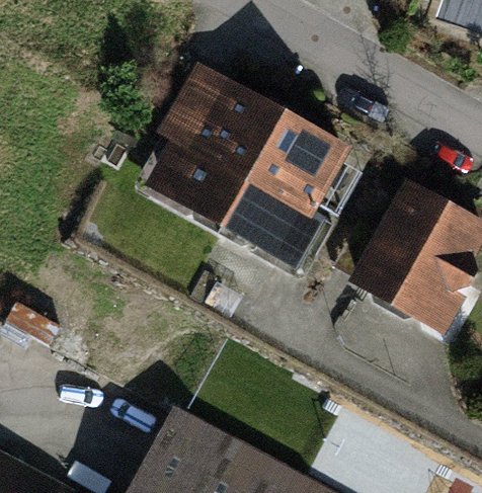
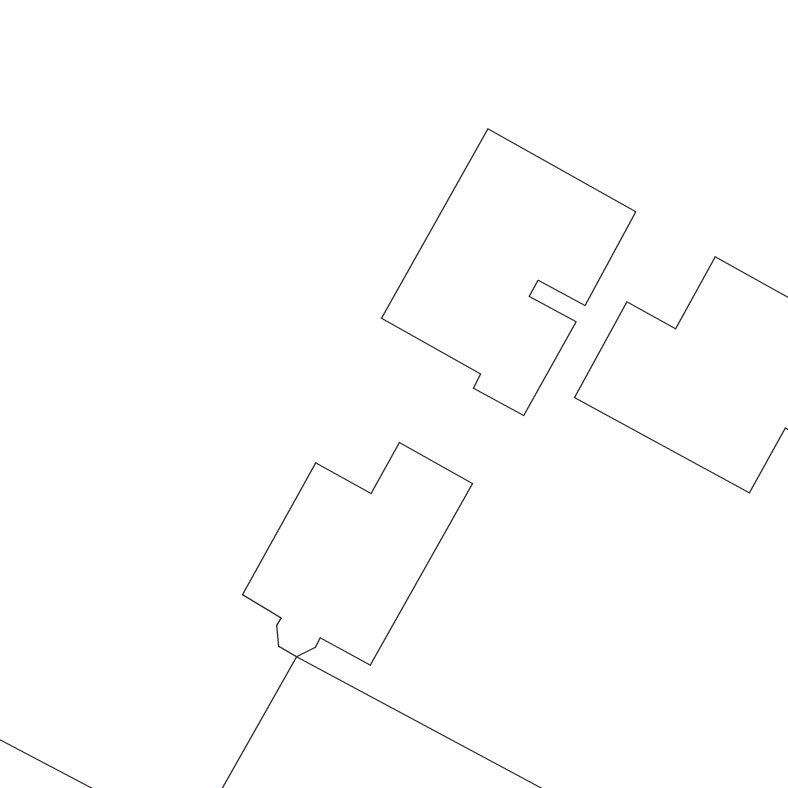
building: [163,69,280,222] -> none
building: none -> [243,442,472,665]

